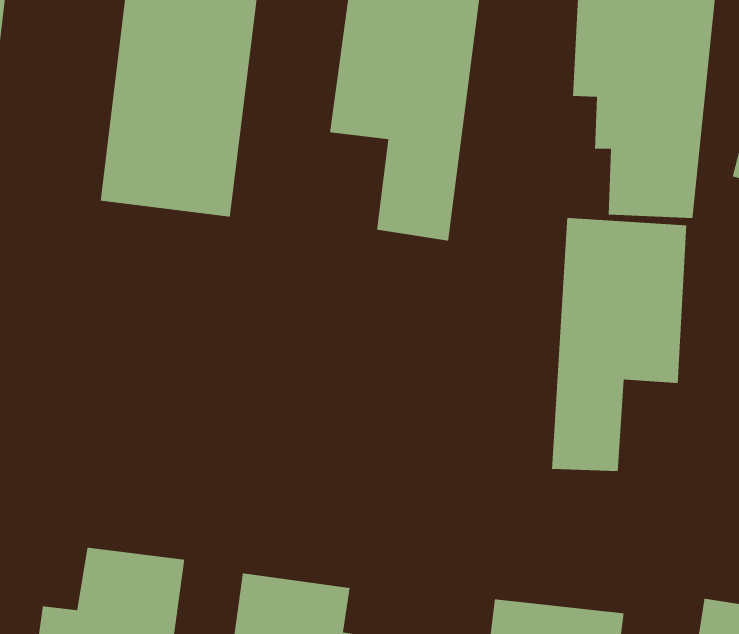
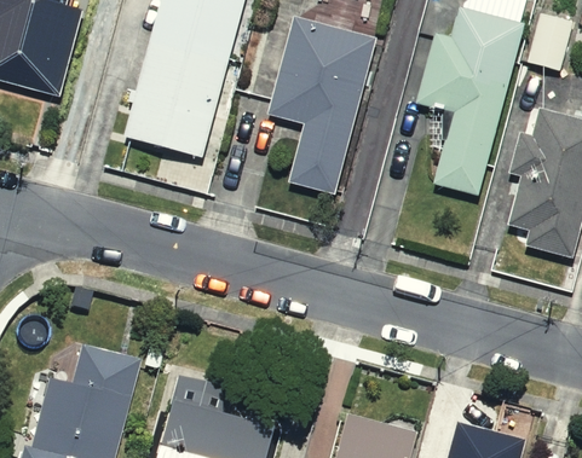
building: [551,217,687,472] -> none

